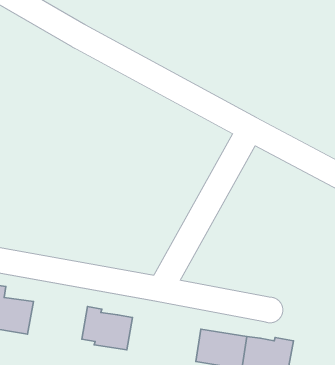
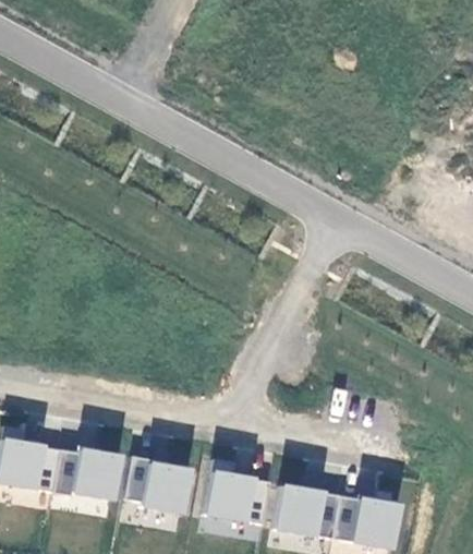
building: none -> [54,450,122,501]
building: none -> [205,459,271,525]

